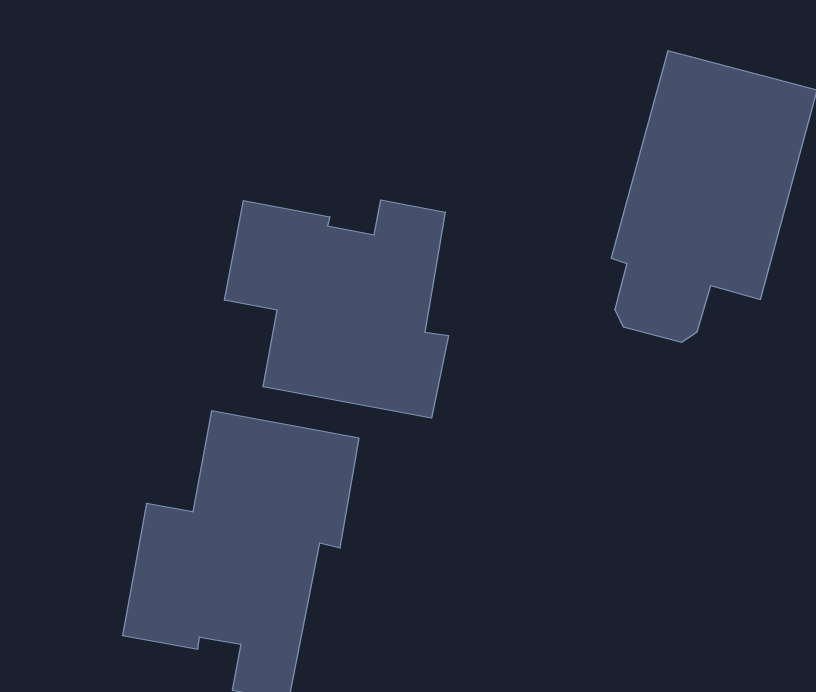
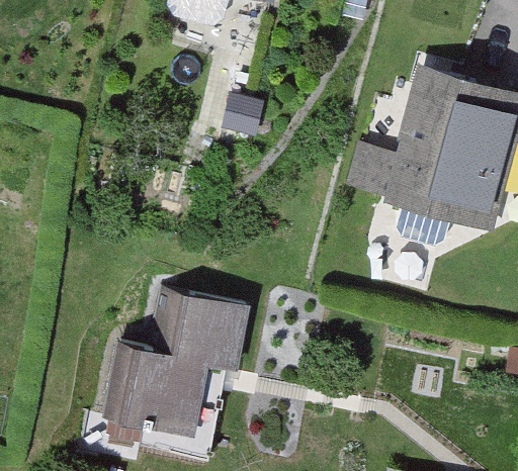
building: [224,200,449,418] -> none

